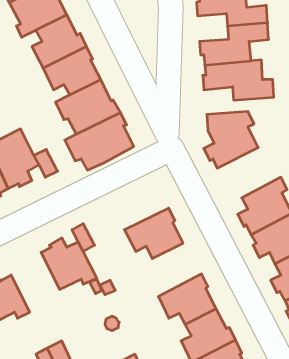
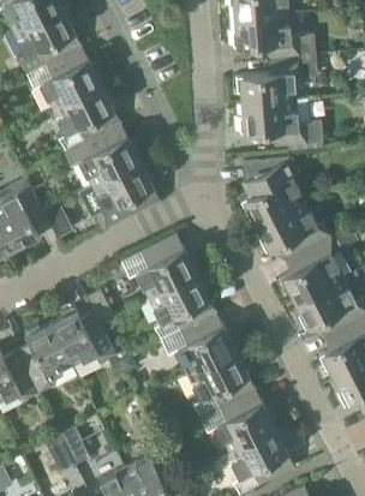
building: none -> [255,201,329,259]
building: none -> [134,234,198,297]
building: none -> [160,312,237,375]
building: none -> [14,323,71,393]

